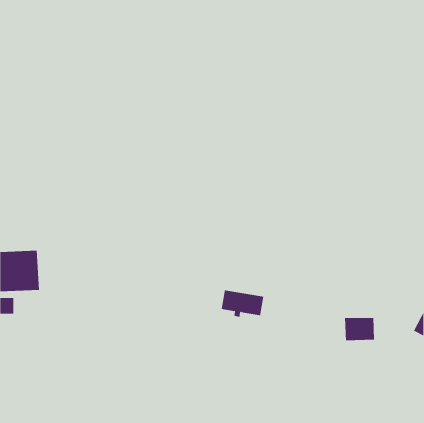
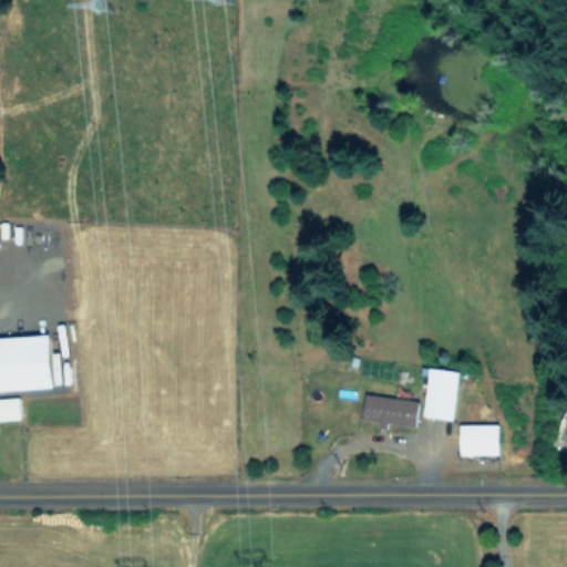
building: none -> [424,369,457,421]
building: [221,290,264,317] -> [361,394,419,431]

